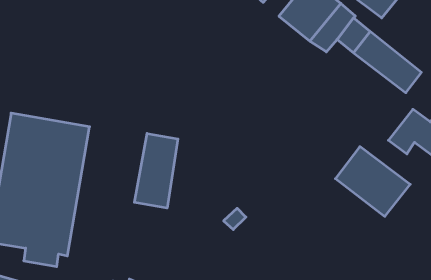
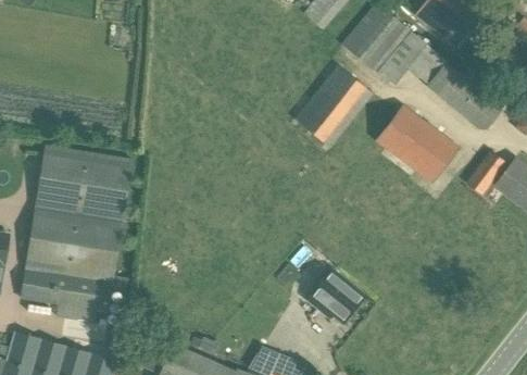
building: none -> [294,64,374,148]
building: [134,133,178,208] -> none
building: [335,147,410,216] -> [376,104,460,183]
building: none -> [304,268,367,327]

